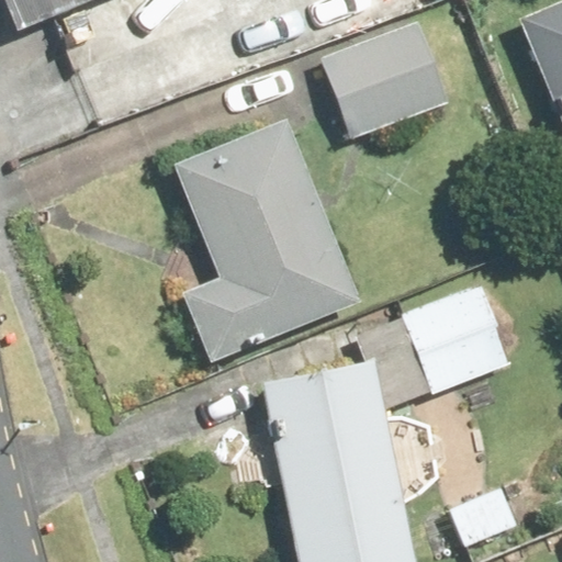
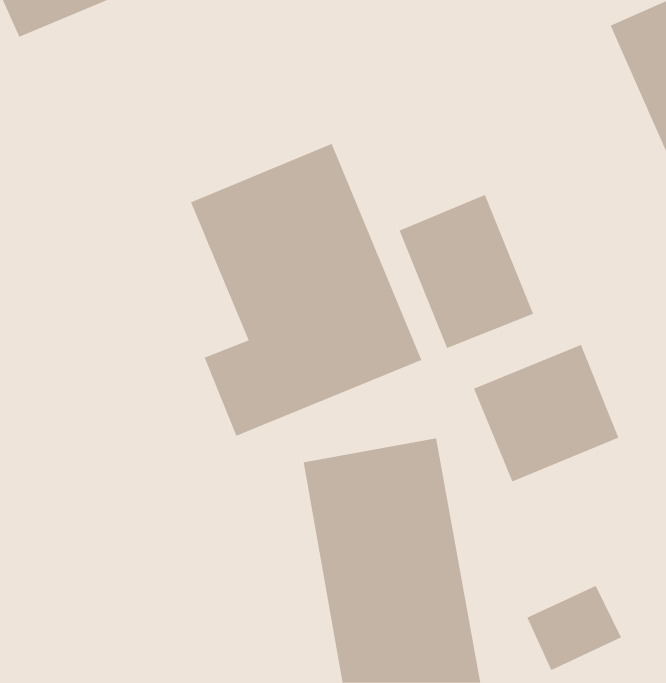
building: [324,22,457,145] -> none
building: none -> [399,194,534,349]

